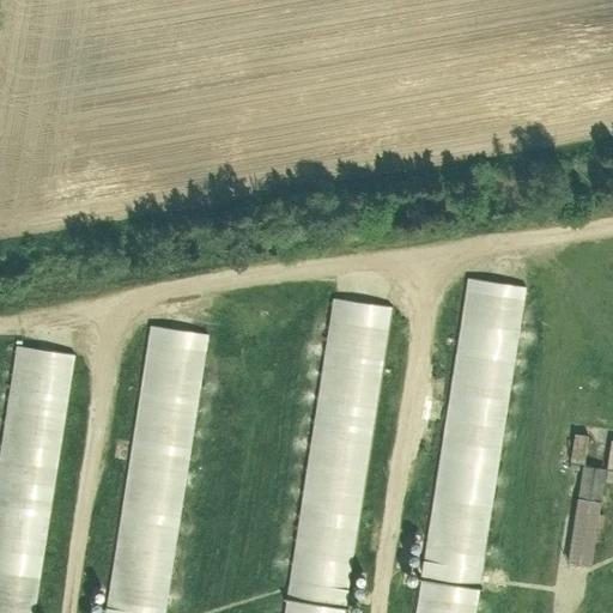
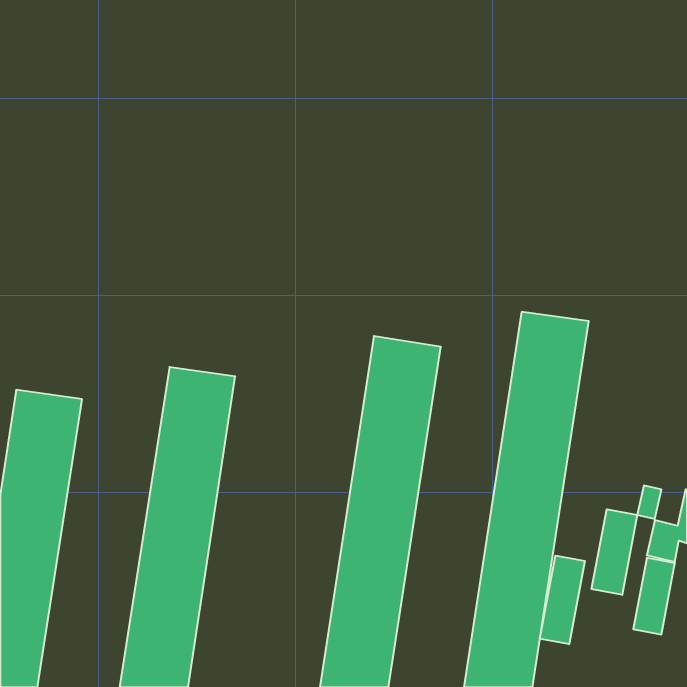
building: none -> [592,509,637,595]
building: none -> [540,556,585,644]

